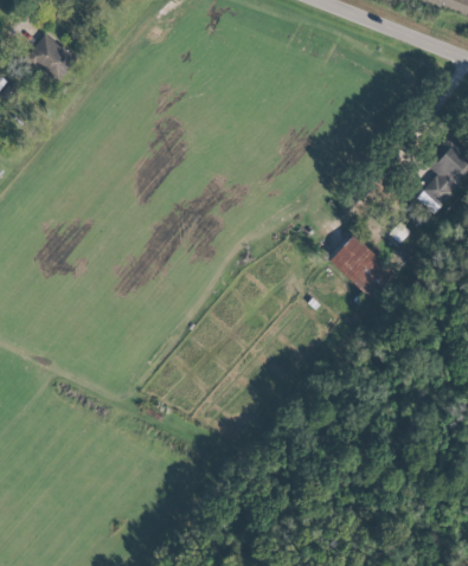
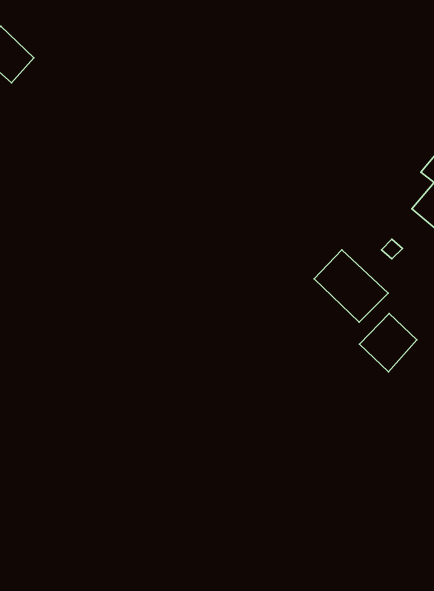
building: none -> [359,314,417,372]

